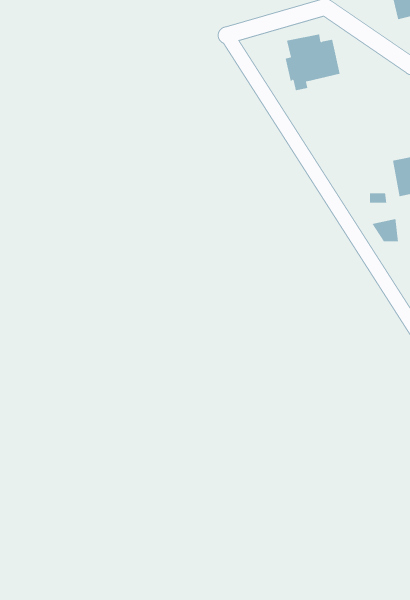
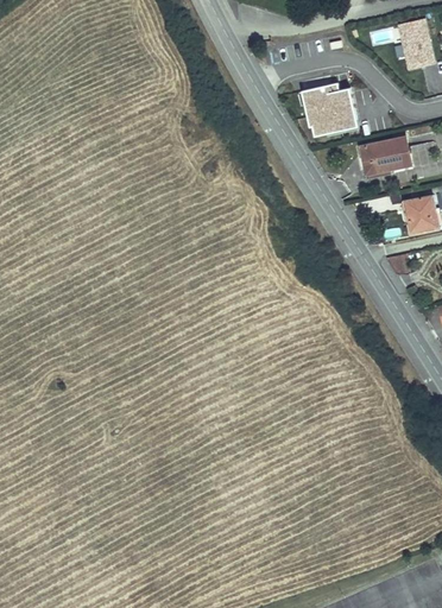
building: none -> [358,135,412,176]

